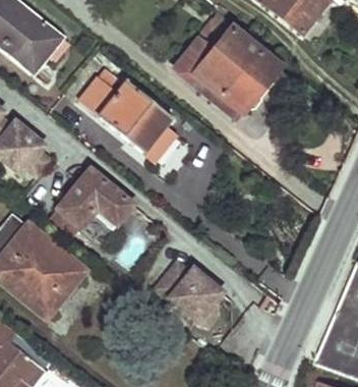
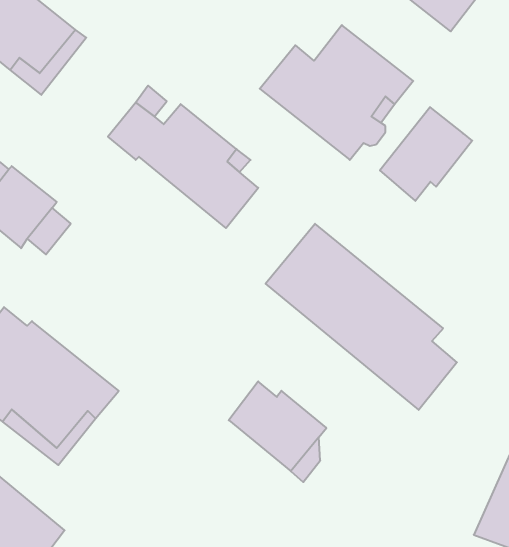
building: none -> [380,107,472,201]
building: none -> [266,224,457,410]
building: [57,169,133,228] -> none

